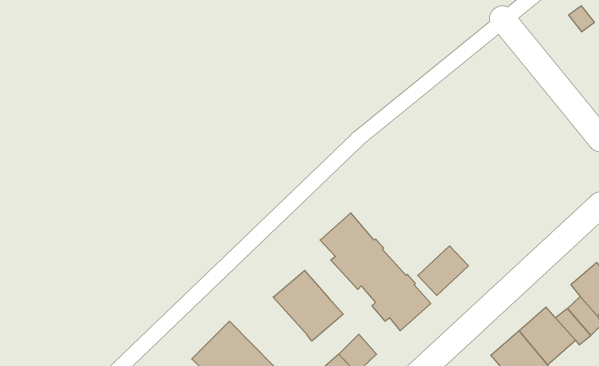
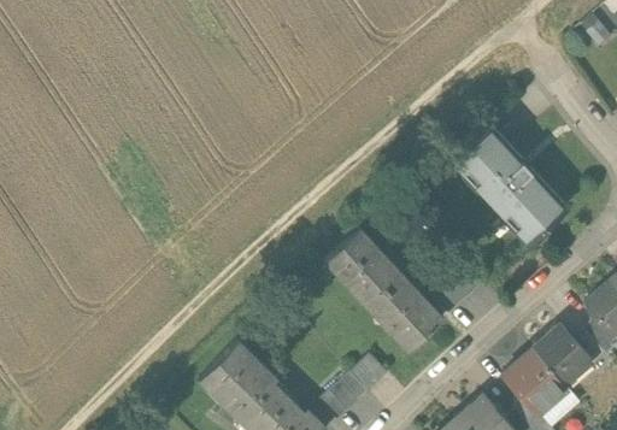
building: none -> [447,120,565,242]
building: [273,270,343,341] -> none

